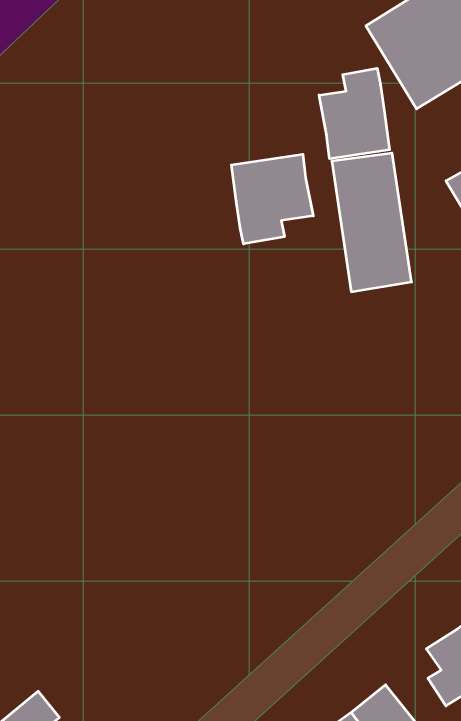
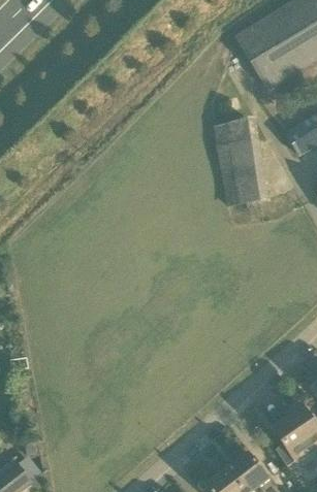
building: [319,68,390,159] -> none
building: [231,154,313,244] -> none

